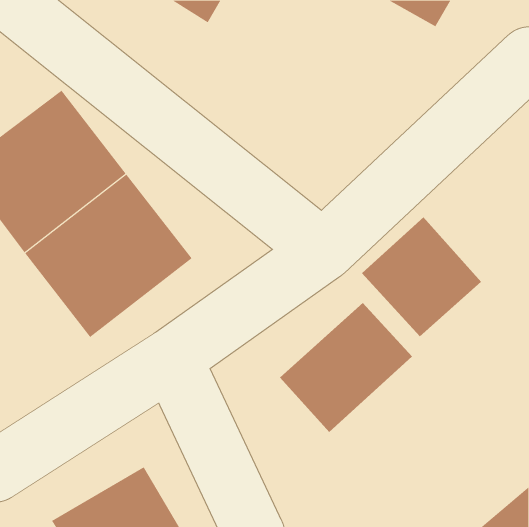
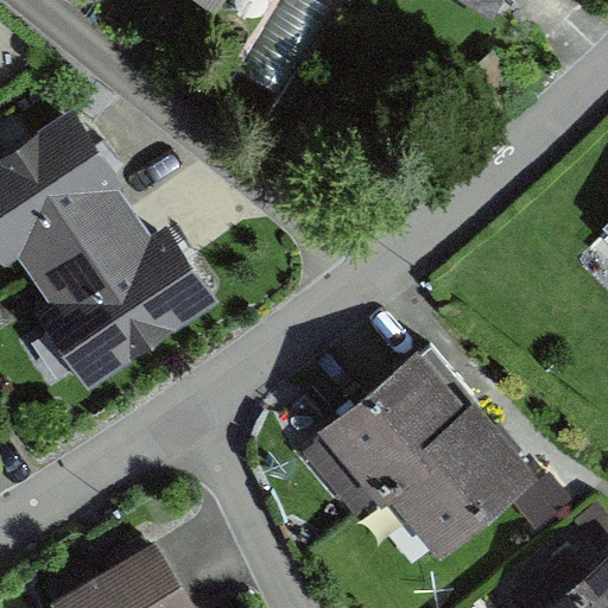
building: [361,217,482,337] -> none
building: none -> [374,413,526,563]

